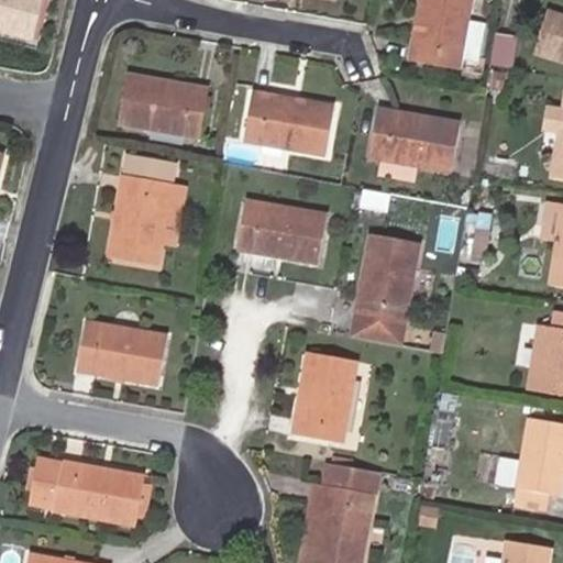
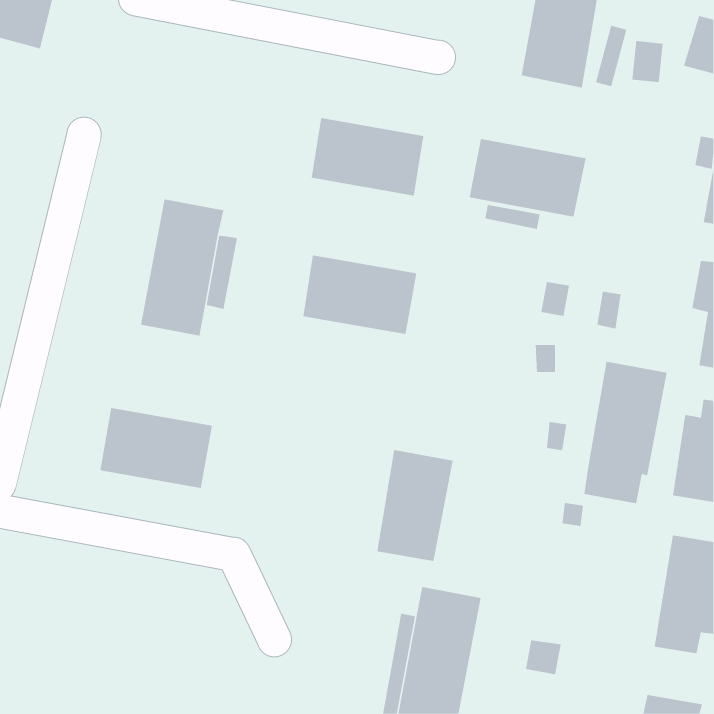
building: [118,77,209,136] -> none
building: [353,234,419,346] -> [584,361,668,504]
building: [31,457,145,522] -> none

